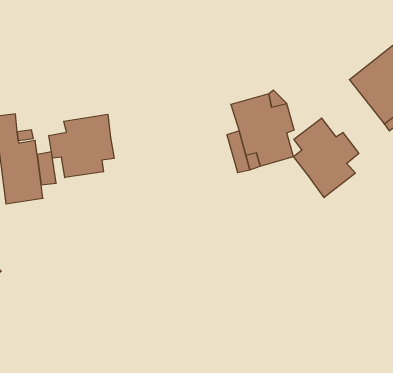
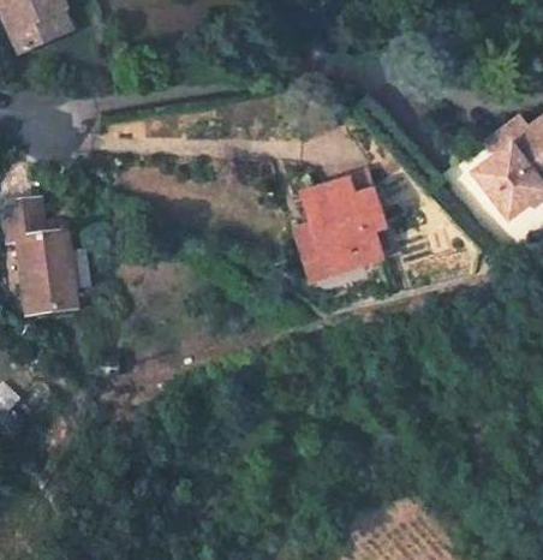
building: [49,114,114,178] -> none
building: [293,118,359,198] -> none

